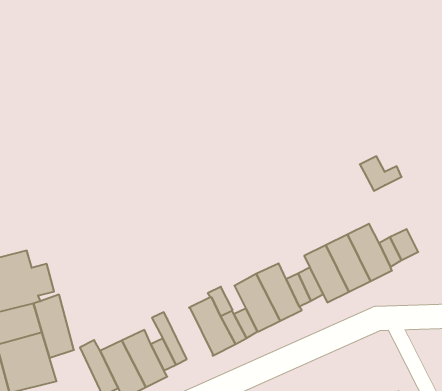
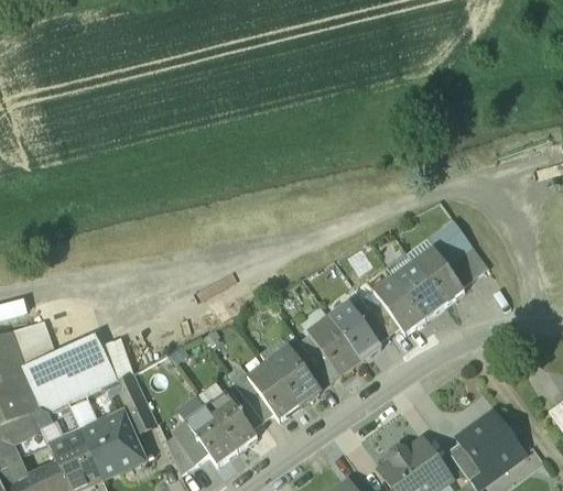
building: [360,156,402,191] -> [426,230,470,265]
building: none -> [246,362,297,419]

